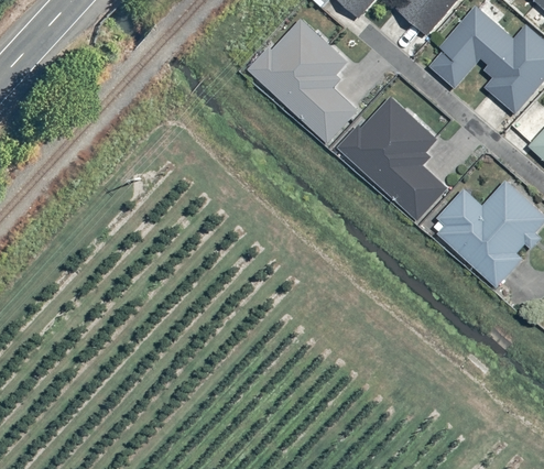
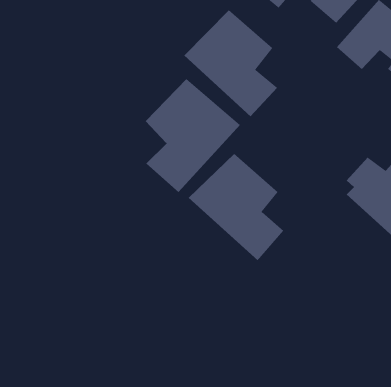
building: [335,97,447,222] -> [188,153,284,261]
building: none -> [145,78,241,193]

